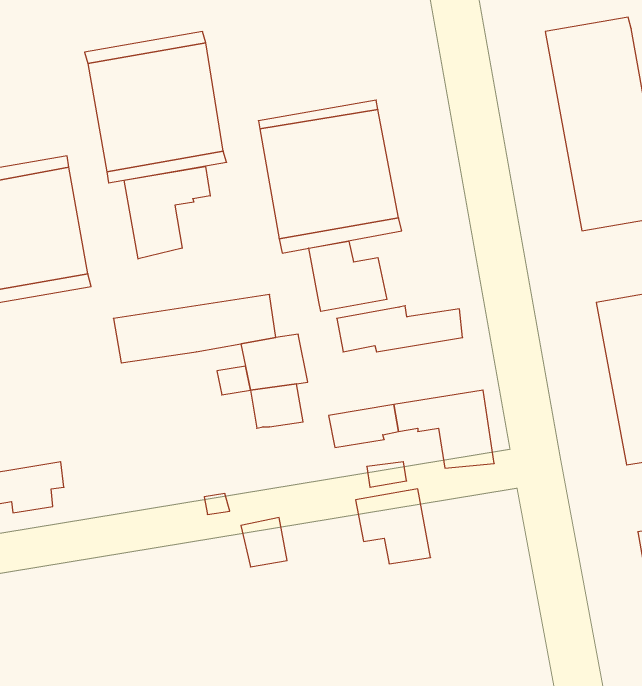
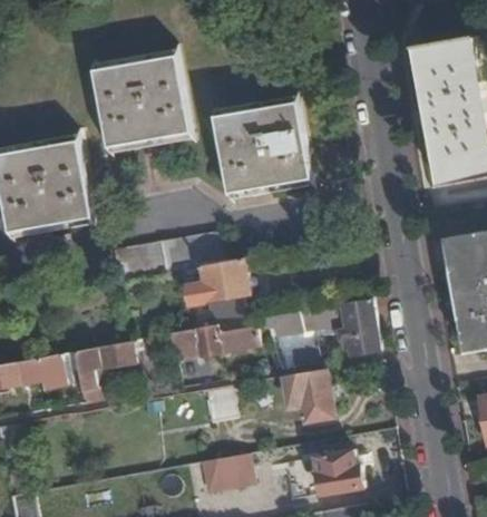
building: [124,167,210,259] -> none
building: [309,241,387,311] -> none
building: [337,306,463,352] -> [167,325,255,358]
building: none -> [74,341,130,402]
building: none -> [312,449,362,496]
building: none -> [194,455,246,490]

